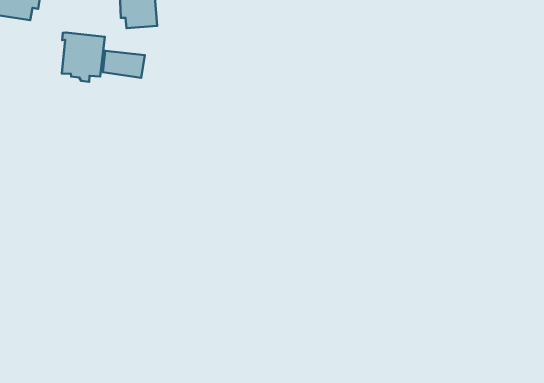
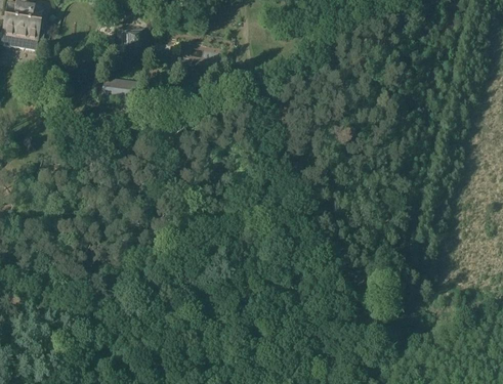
building: [62,32,105,82] -> none

